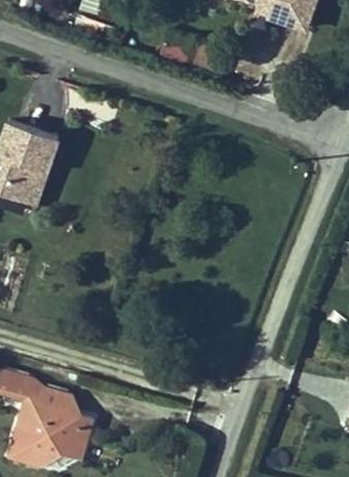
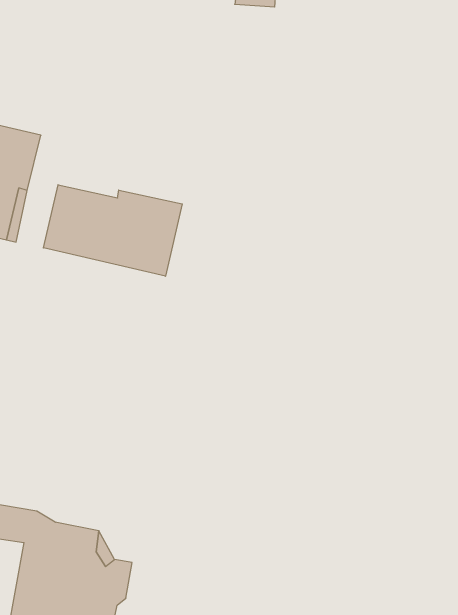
building: none -> [43,185,182,276]

